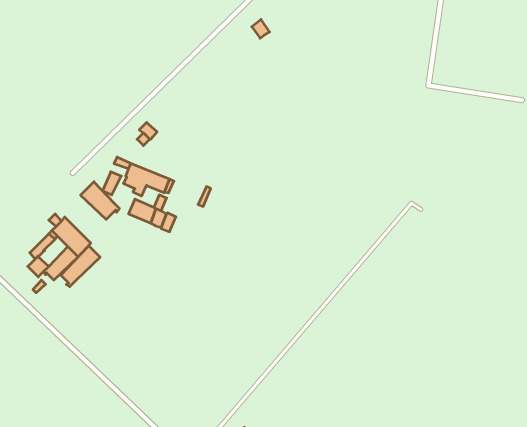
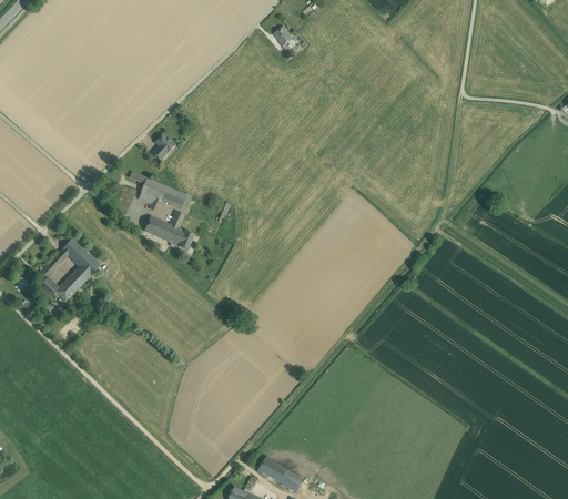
building: [81,182,119,219] -> none
building: [61,246,100,287] -> none

